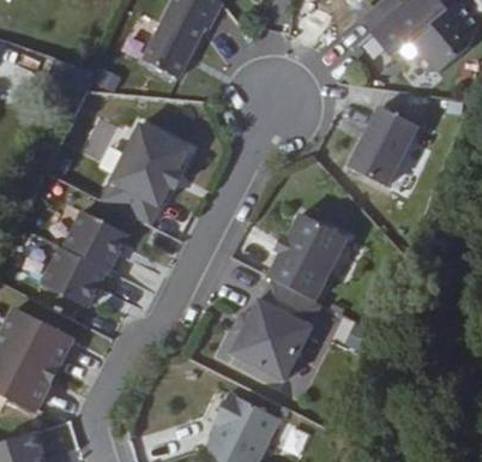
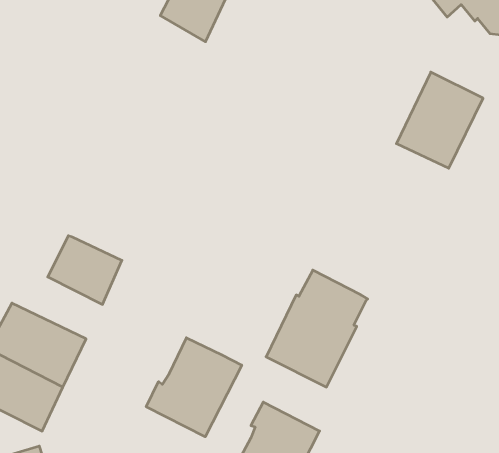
building: [102,122,191,226] -> none
building: [64,211,127,270] -> none
building: [267,214,347,299] -> none
building: none -> [146,338,242,437]

